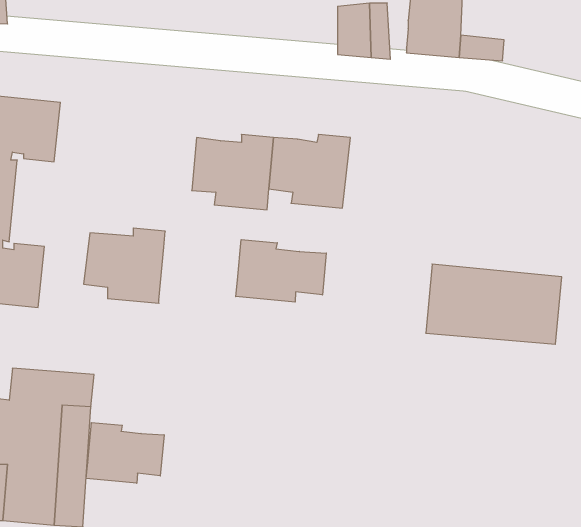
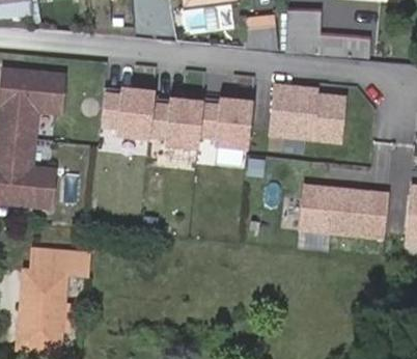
building: none -> [269,83,343,139]
building: [84,228,165,303] -> [100,88,152,137]
building: [236,240,326,302] -> none
building: [86,423,164,483] -> none

